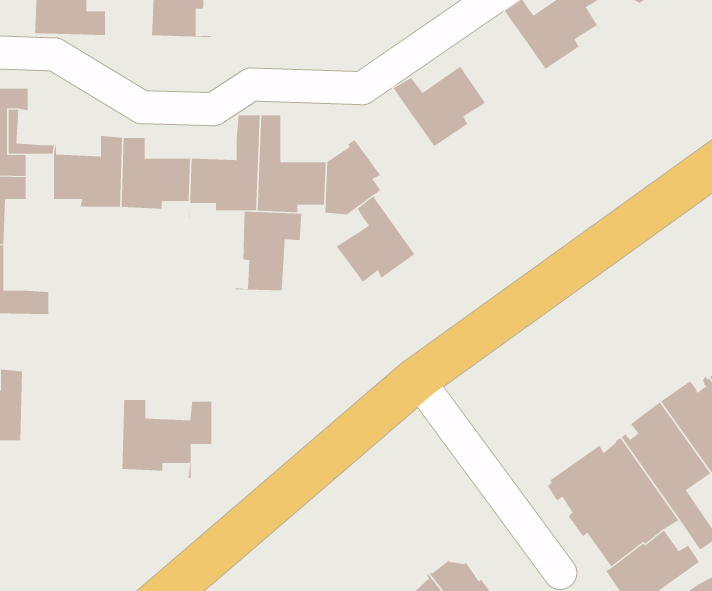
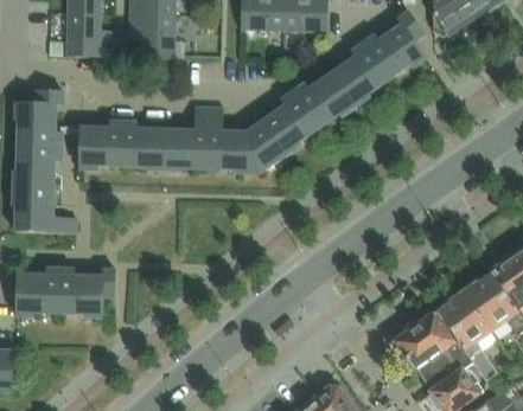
building: none -> [334,41,388,107]
building: [336,196,415,282] -> [268,90,318,145]
building: [235,211,302,291] -> none
building: [122,399,212,479] -> [58,268,115,317]

